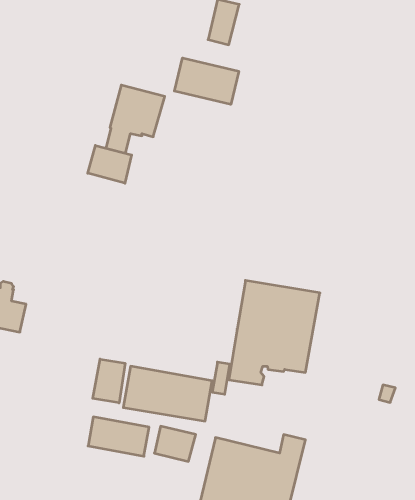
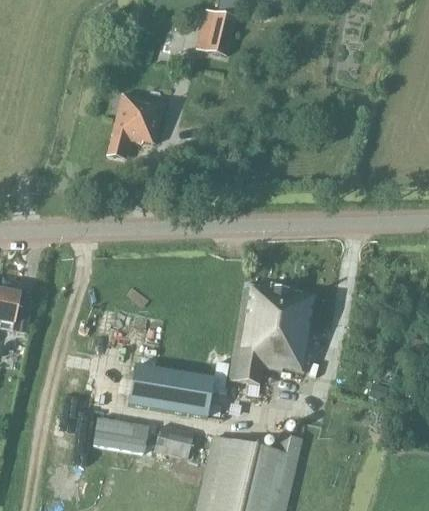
building: [174,58,239,104] -> none
building: [88,145,132,183] -> none
building: [93,359,125,403] -> none

